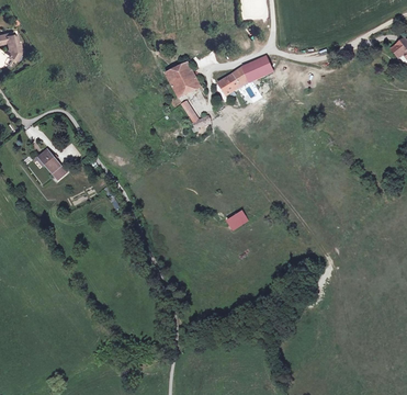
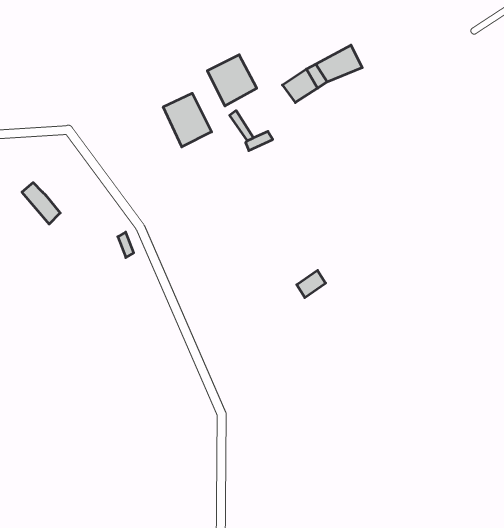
building: none -> [163,93,212,147]

